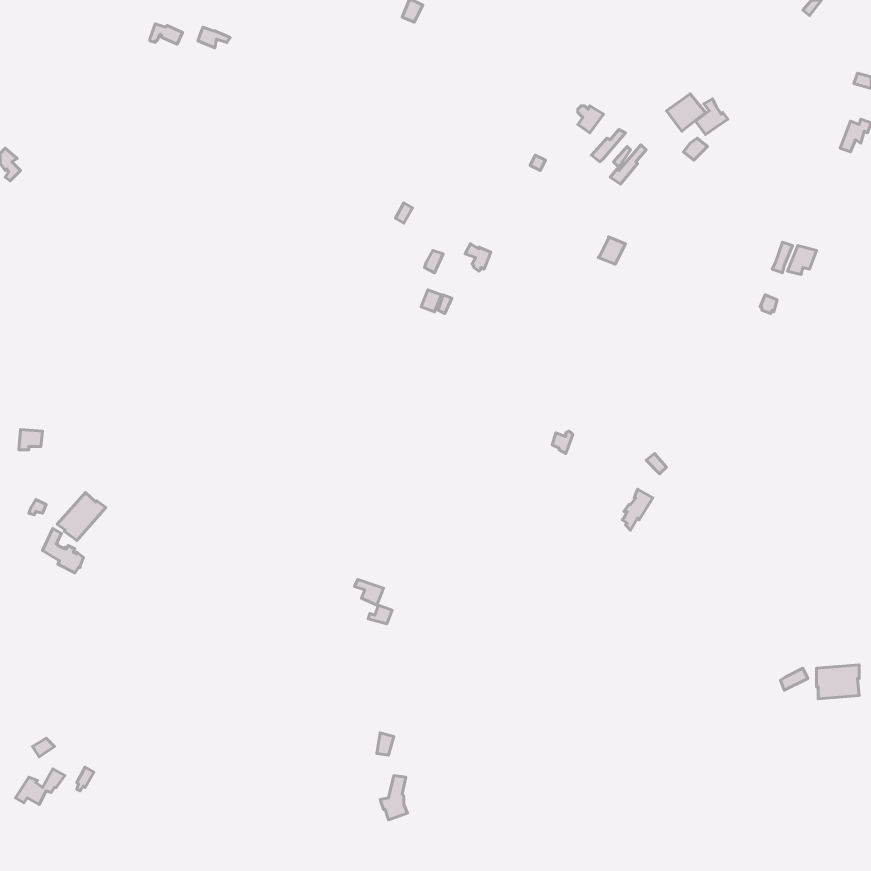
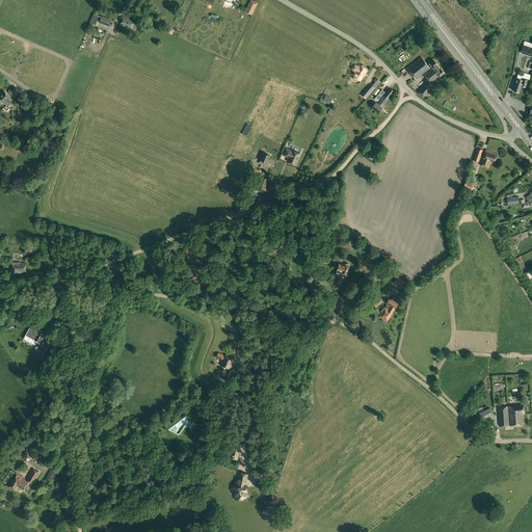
building: [57,493,106,540] -> none

